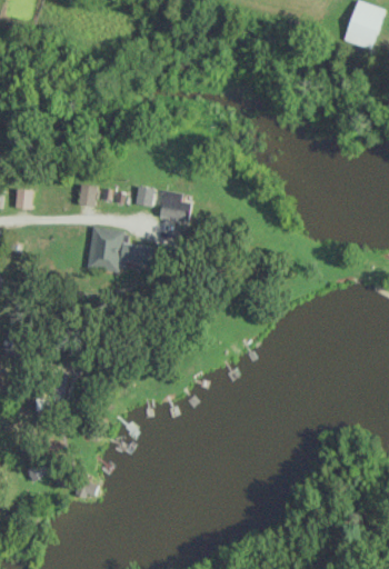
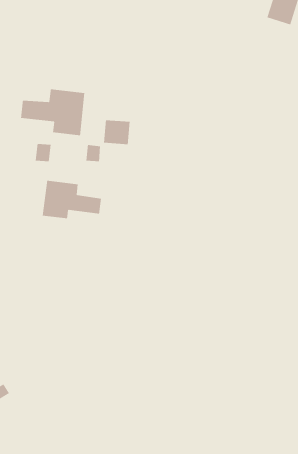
building: none -> [20,89,85,136]
building: [160,191,191,220] -> [103,120,130,145]

